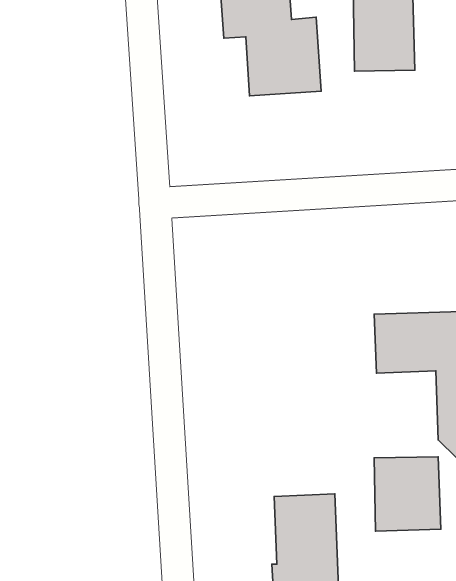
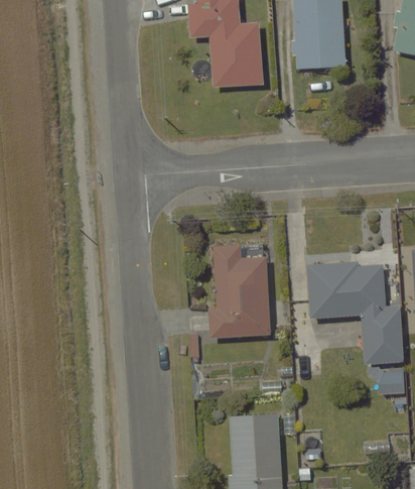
building: none -> [208,245,268,338]
building: [374,457,441,531] -> none

